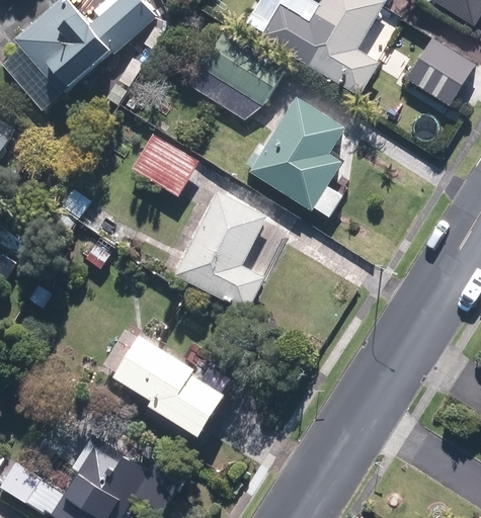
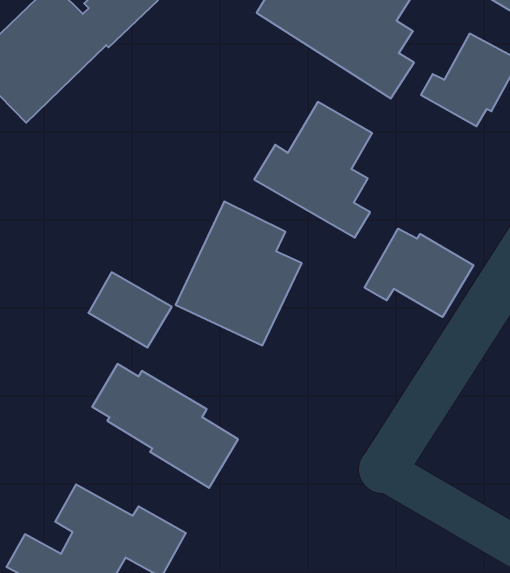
building: [188,29,285,123] -> none
building: [129,133,202,198] -> [88,272,172,348]
building: none -> [365,229,473,317]

